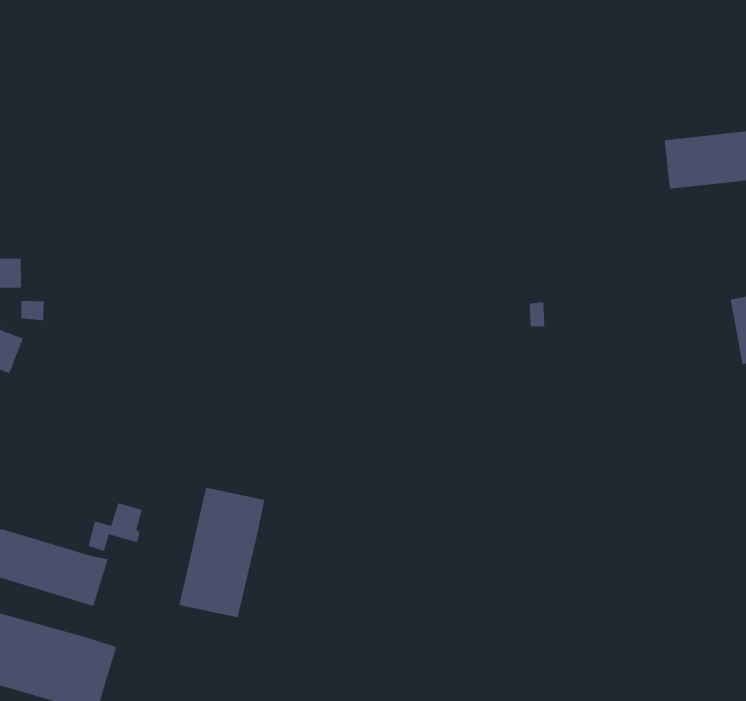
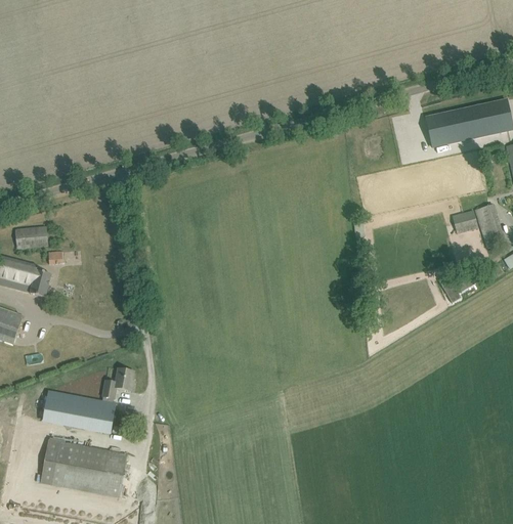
building: none -> [452,209,477,232]
building: [179,487,265,618] -> none

